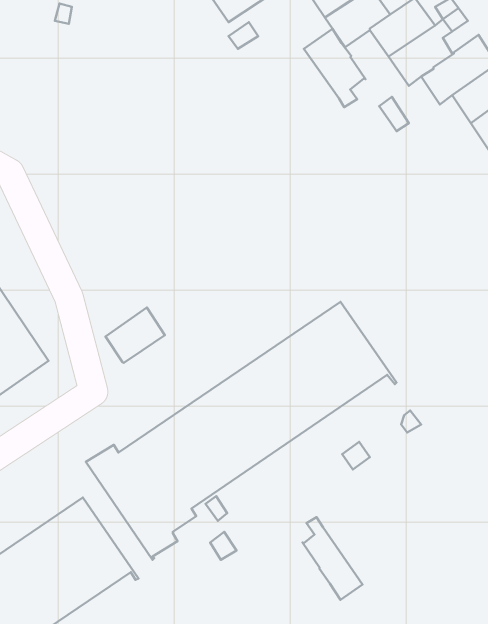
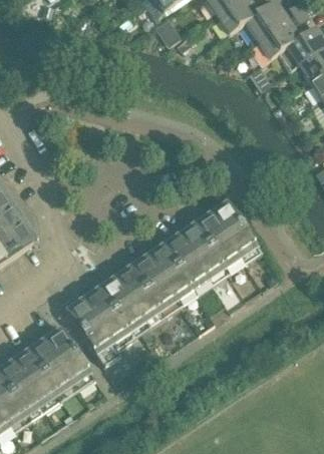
building: [304,29,365,107] -> none
building: [106,307,165,363] -> none
building: [303,517,363,600] -> none

